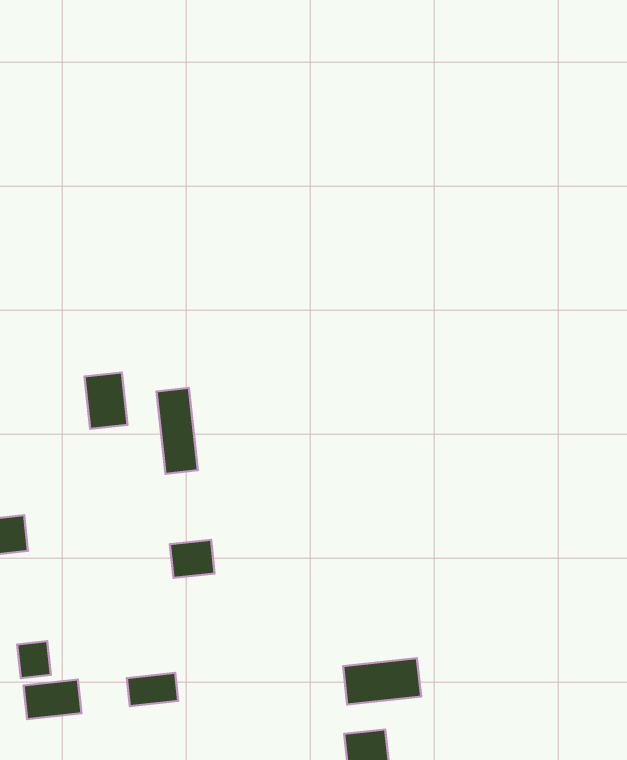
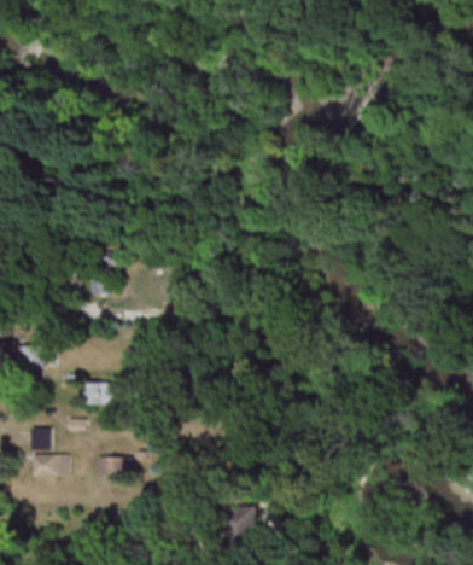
building: [157,388,198,474] -> none
building: [170,540,215,578] -> [84,381,111,403]
building: [343,658,421,705] -> none

